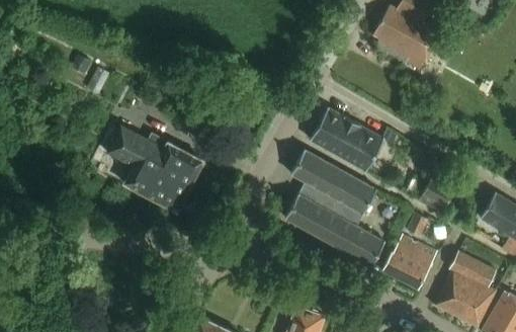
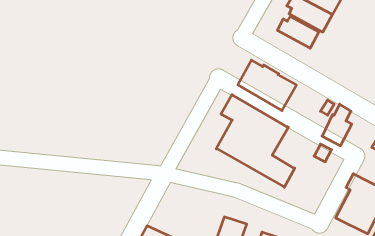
building: none -> [278,17,319,48]
building: [107,124,206,212] -> none
building: [385,236,436,289] -> none

